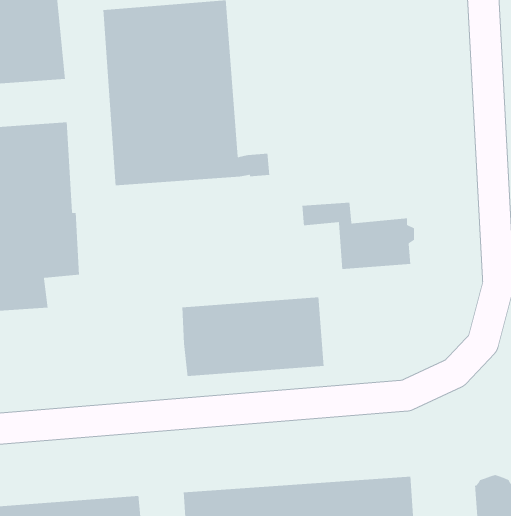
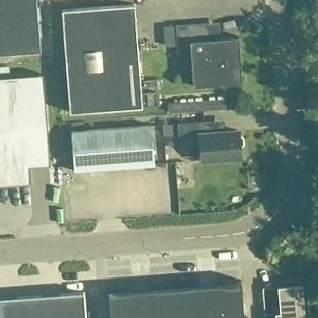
building: none -> [163,25,241,88]
building: [181,297,325,377] -> [71,127,154,173]

